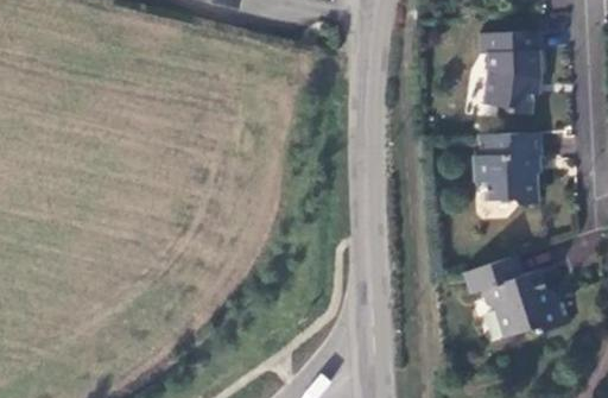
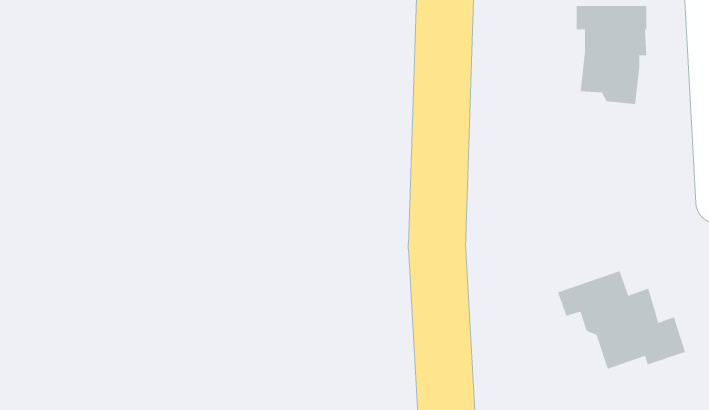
building: [475,131,540,202] -> none

